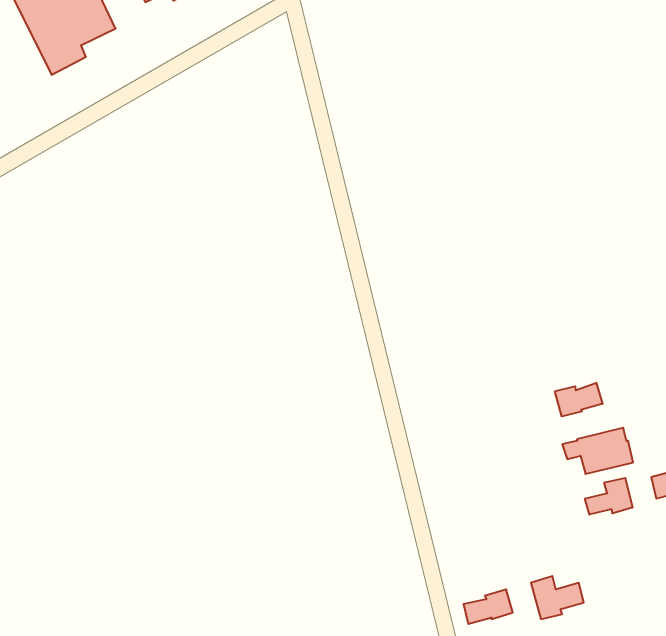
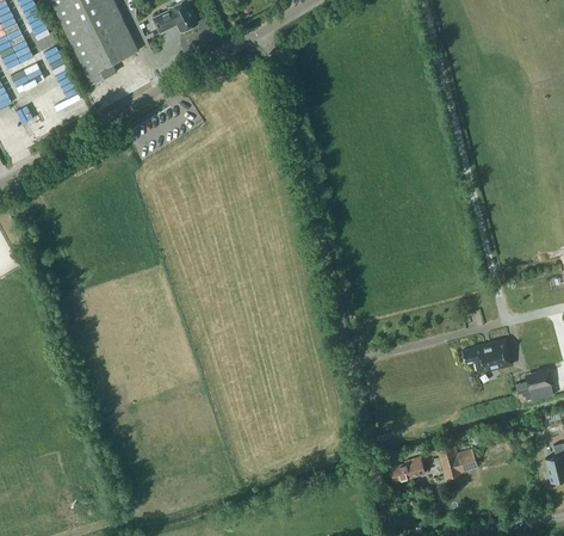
building: [555,383,603,416] -> none
building: [585,478,633,515] -> none

